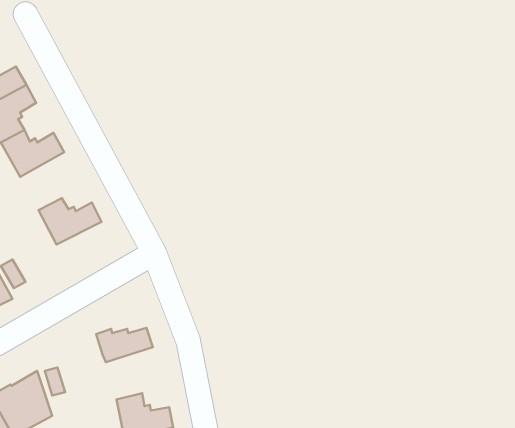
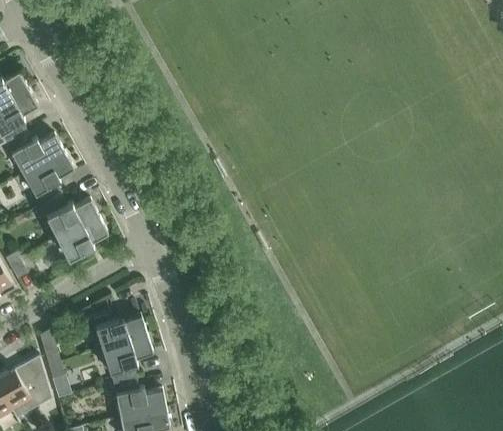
building: none -> [22,152,73,206]
building: none -> [56,217,107,263]
building: none -> [102,334,152,383]

